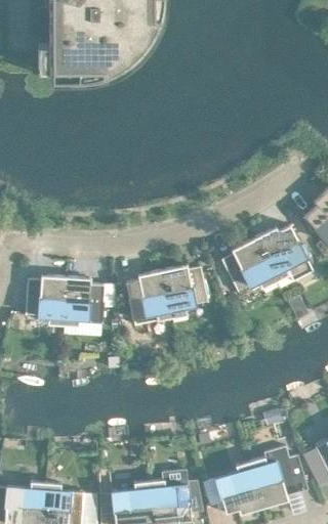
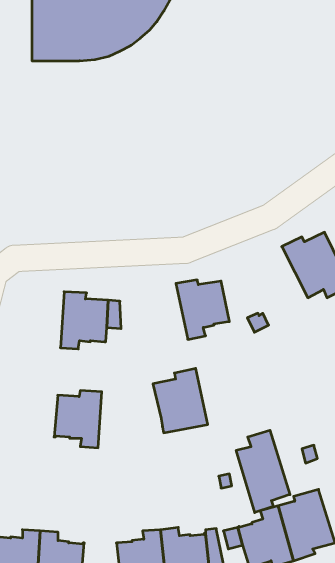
building: [221,238,276,293] -> none
building: [125,270,172,325] -> [153,368,208,433]
building: [25,276,66,325] -> [54,391,102,448]
building: none -> [236,430,290,513]

